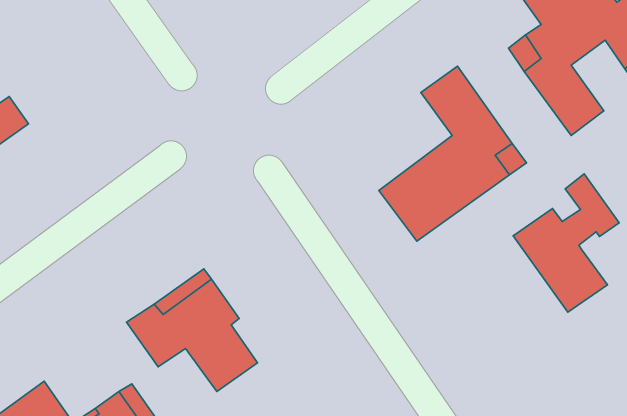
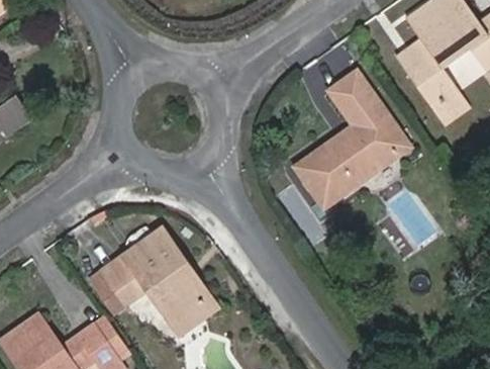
building: [513,174,619,312] -> none
building: none -> [171,266,217,334]

